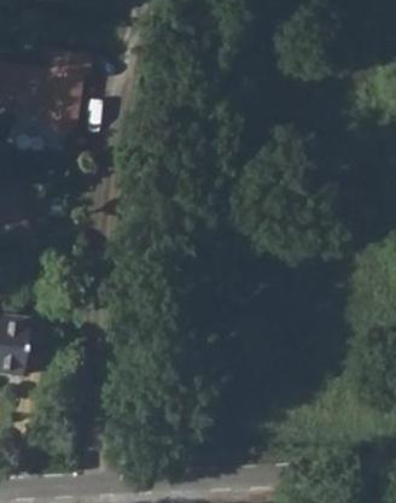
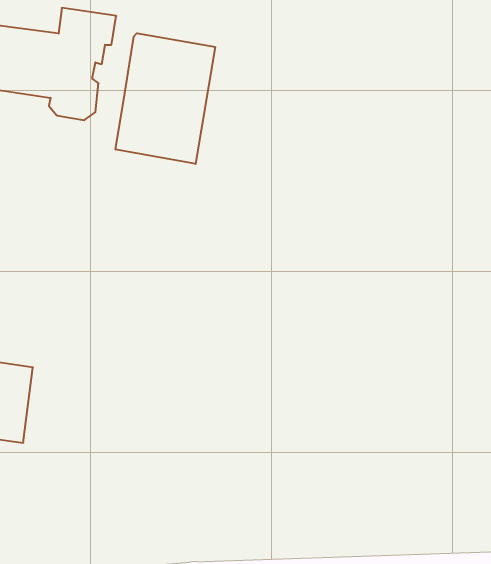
building: none -> [116,33,215,164]

